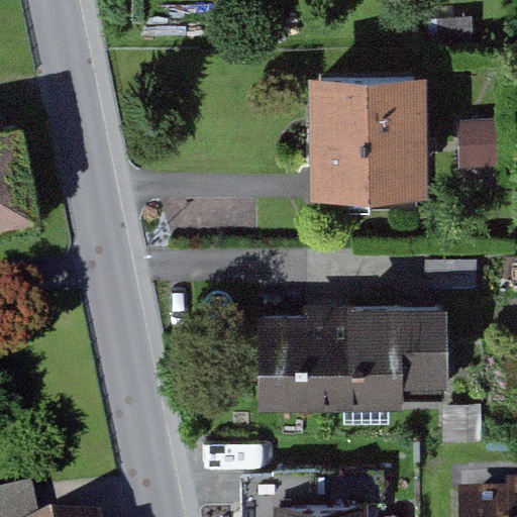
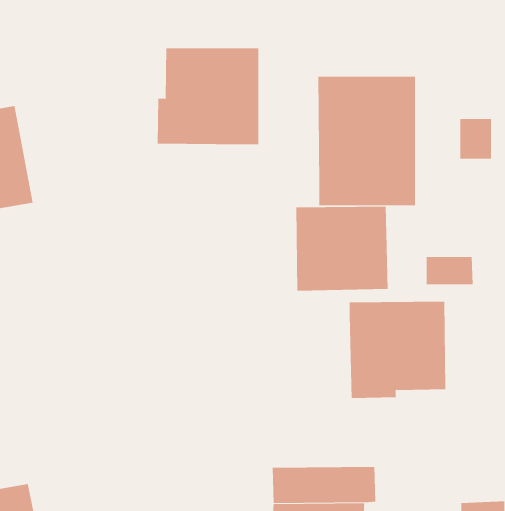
building: none -> [157,48,259,145]
building: [256,321,349,406] -> [295,206,389,291]

